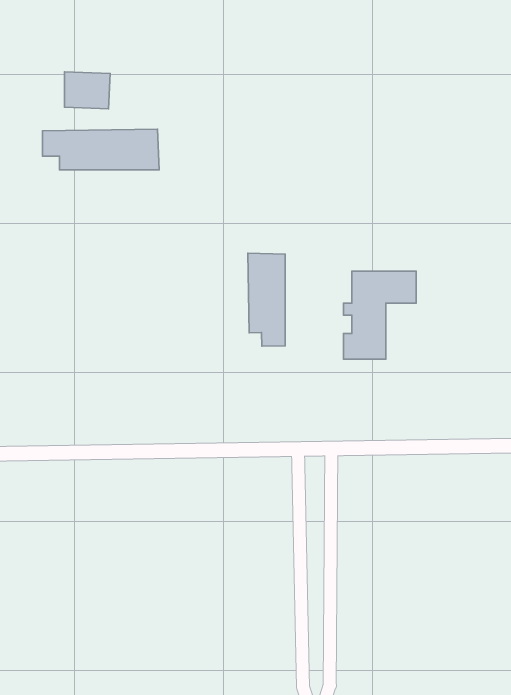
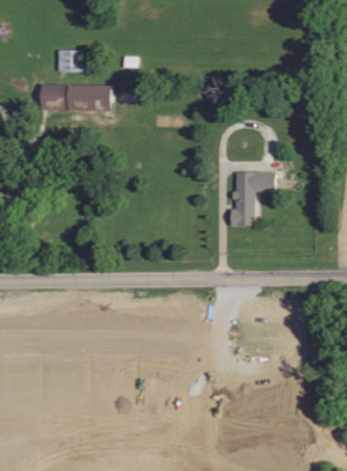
building: [248,253,285,346] -> none

